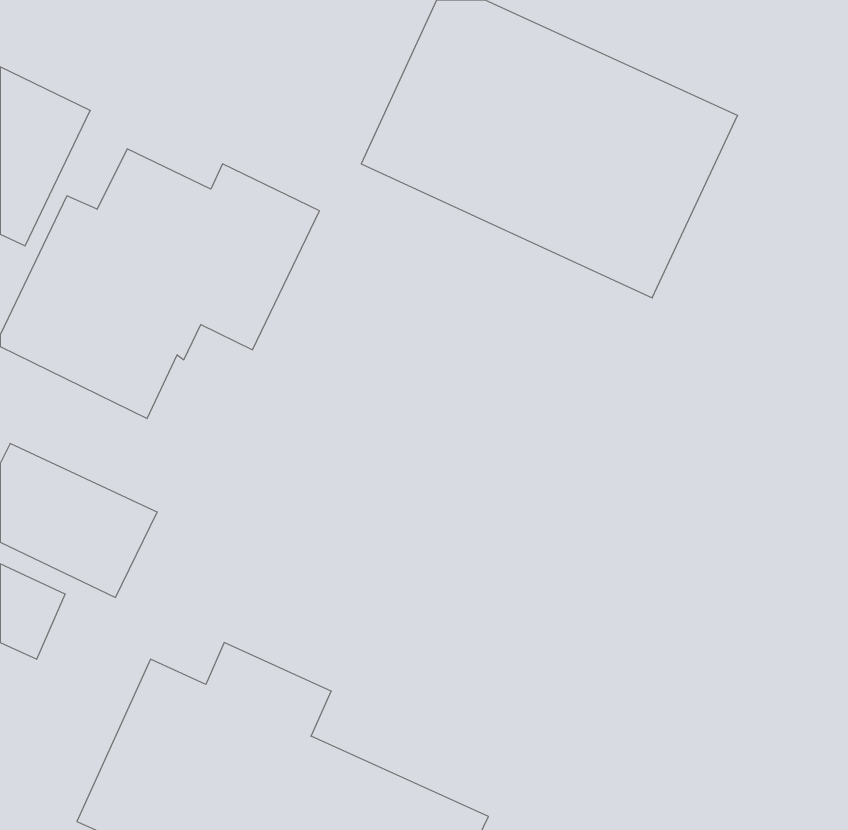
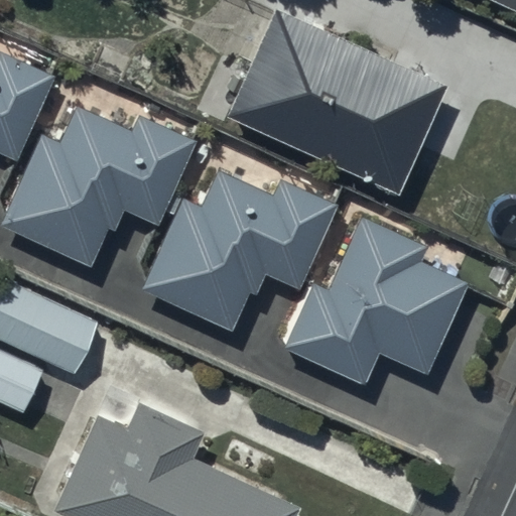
building: none -> [138,169,339,332]
building: none -> [283,216,468,384]

